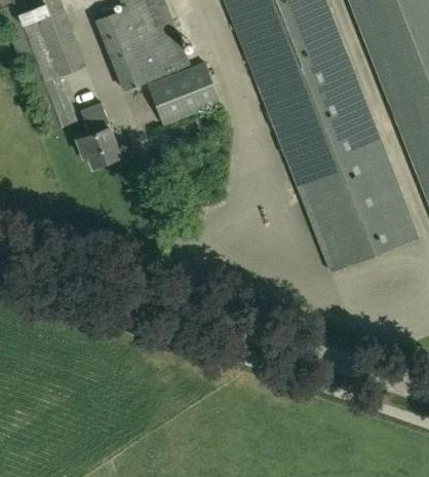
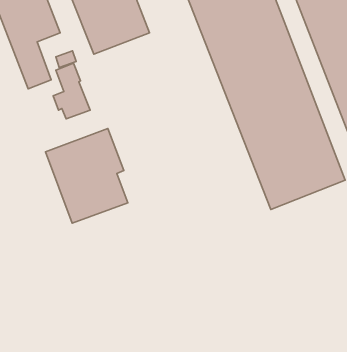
building: [148,64,221,124] -> none
building: none -> [45,129,128,223]

